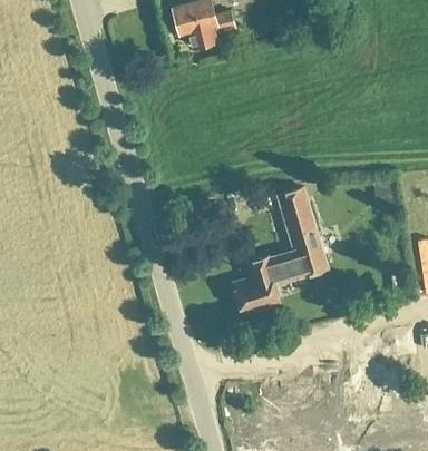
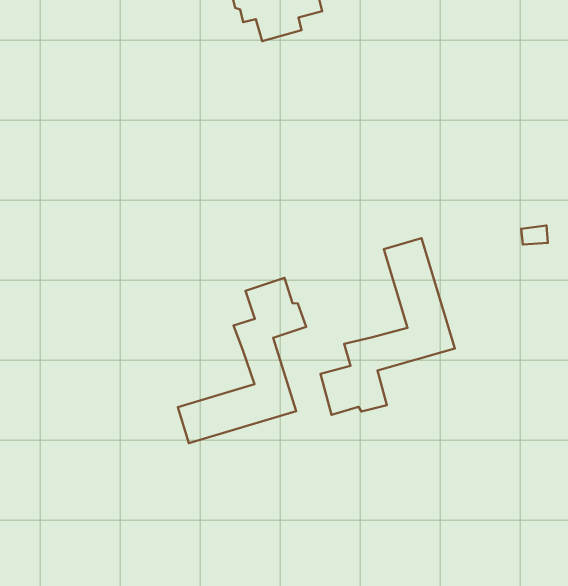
building: none -> [178,278,306,443]

